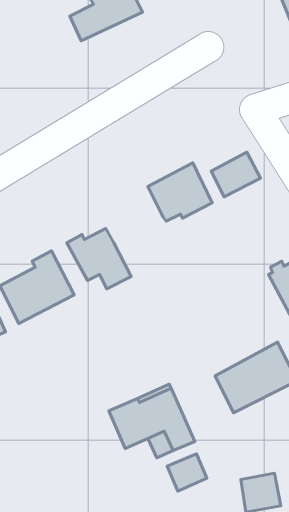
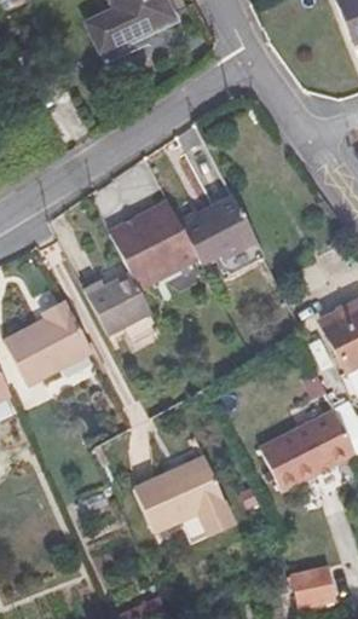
building: [211,152,260,197] -> none
building: none -> [109,201,197,289]
building: [167,454,207,491] -> none

